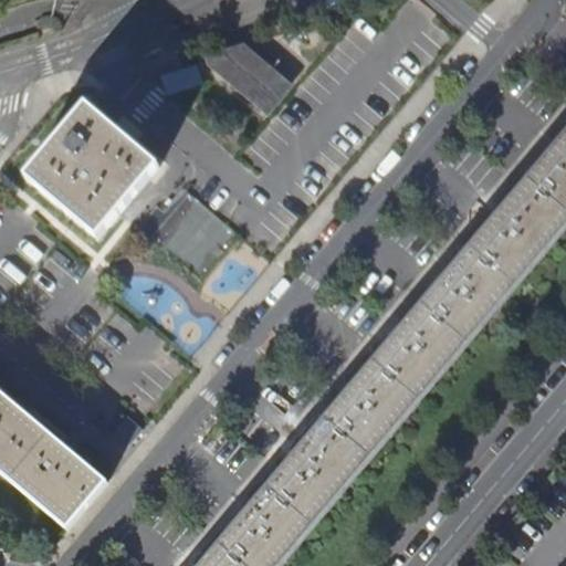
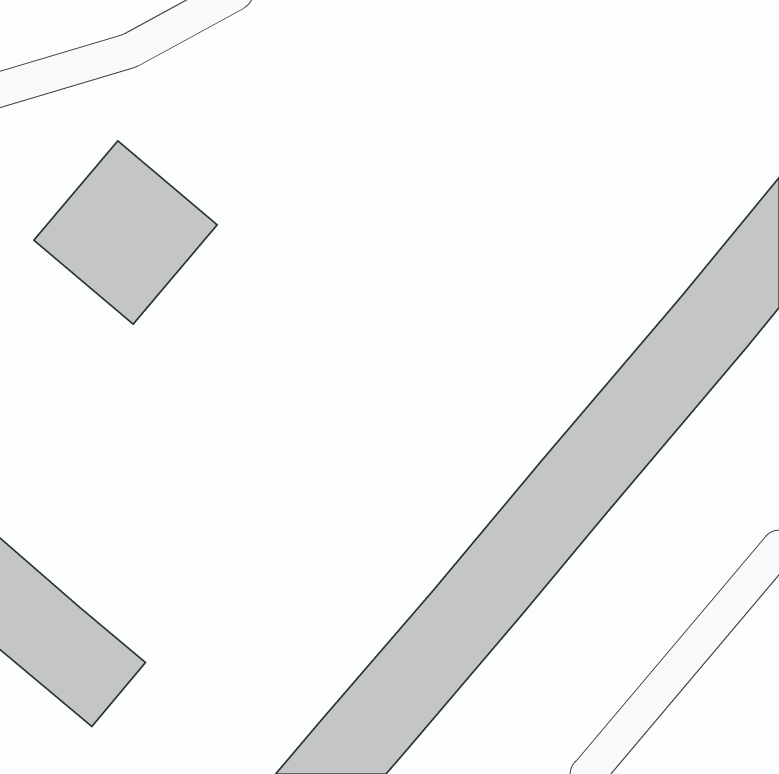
building: [203,40,290,109] -> none
building: [147,188,238,276] -> none

